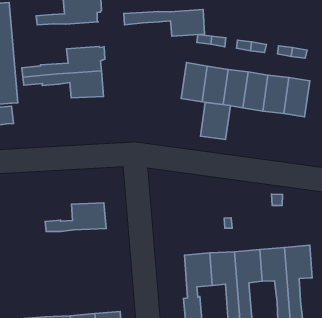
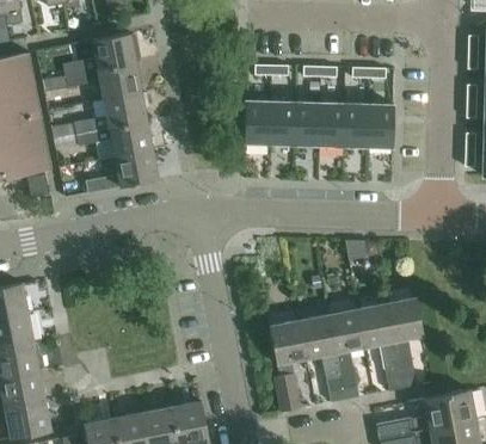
building: [124,10,204,36] -> [43,63,141,99]
building: [200,102,231,140] -> none
building: [45,203,106,232] -> [86,150,159,192]

